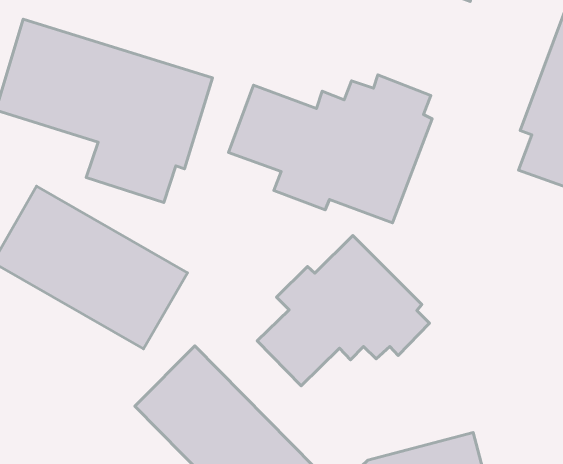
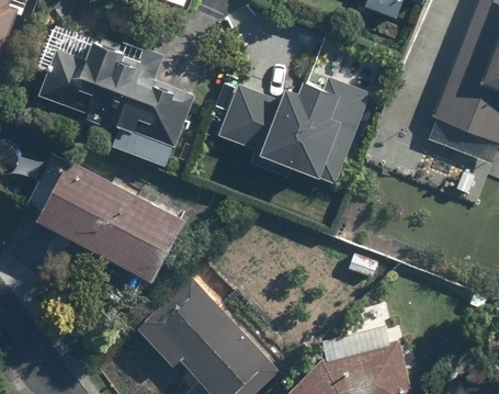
building: [257,236,430,386] -> none

